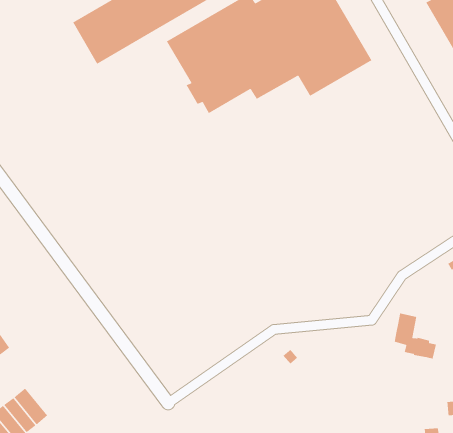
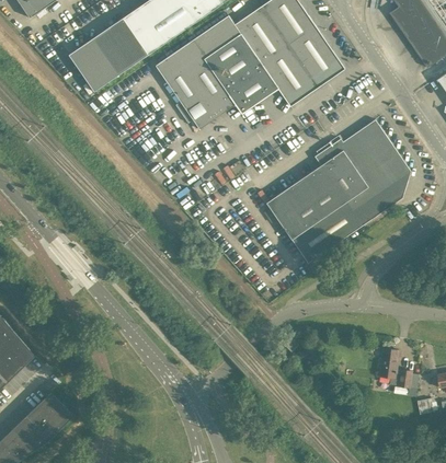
building: none -> [266,119,411,263]
building: [394,313,437,360] -> [379,348,419,389]

